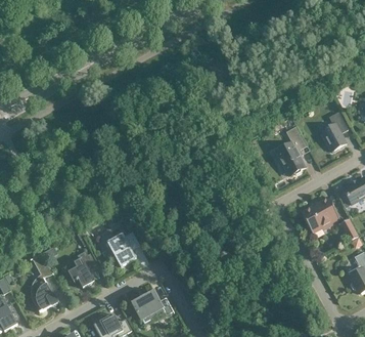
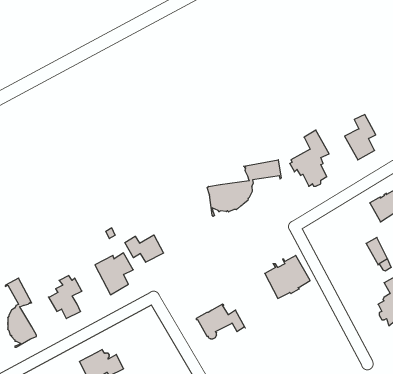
building: none -> [207,160,281,216]
building: [300,196,338,233] -> [265,255,310,298]
building: none -> [125,235,164,262]
building: [131,291,173,321] -> [196,304,245,339]

